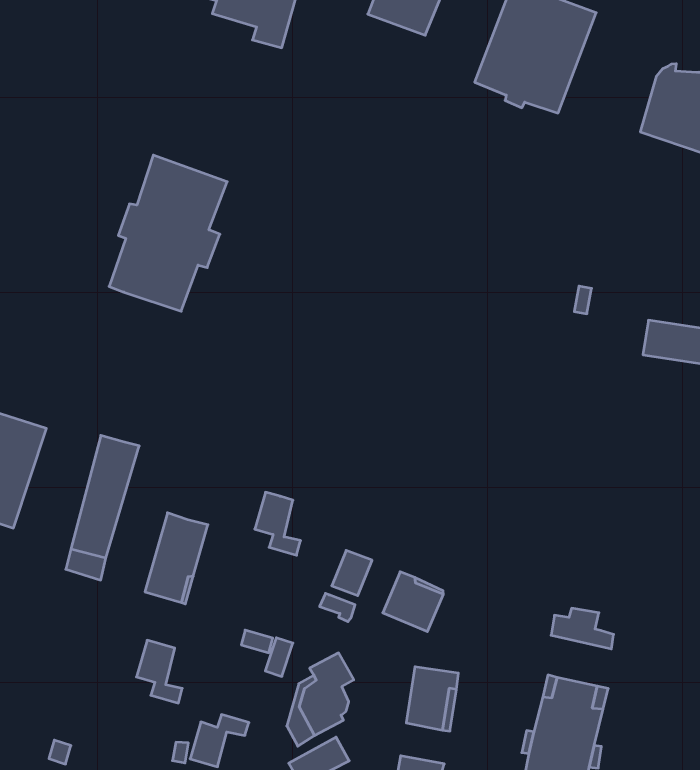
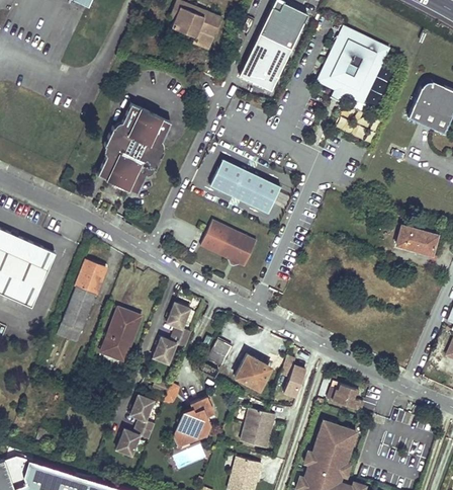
building: none -> [240,35,291,93]
building: none -> [210,159,280,212]
building: none -> [200,219,257,265]
building: none -> [154,332,189,361]
building: none -> [281,354,306,396]
building: [136,640,182,703] -> [130,393,156,430]

